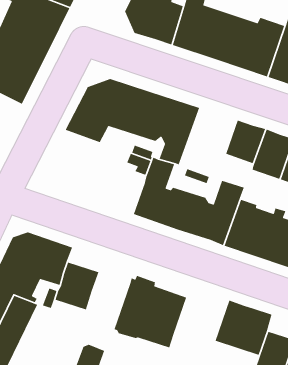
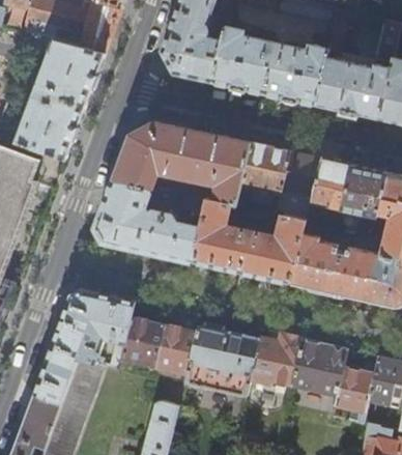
building: none -> [239,143,289,197]
building: none -> [94,181,200,261]
building: none -> [154,324,196,373]
building: none -> [248,335,300,387]

